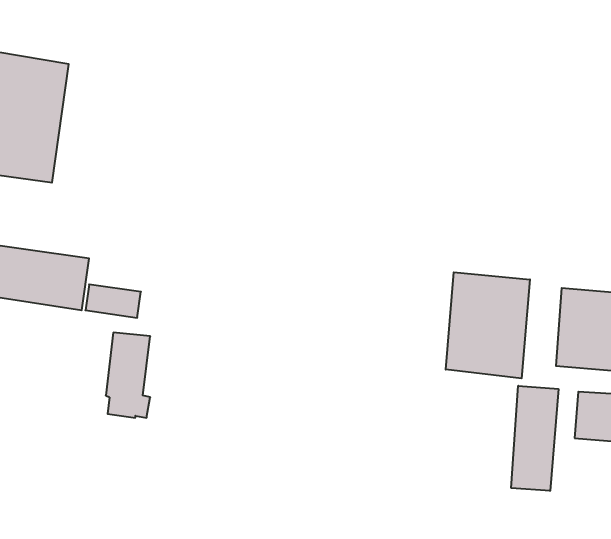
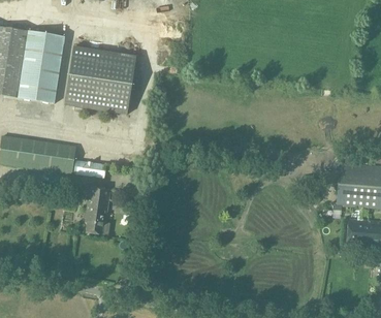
building: none -> [65,46,136,115]
building: [446,272,530,378] -> none
building: [511,386,558,491] -> none

